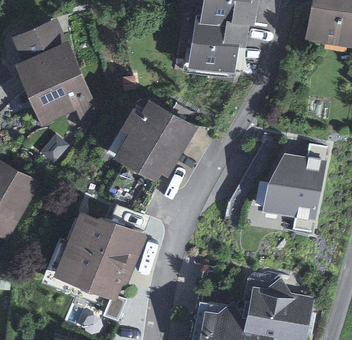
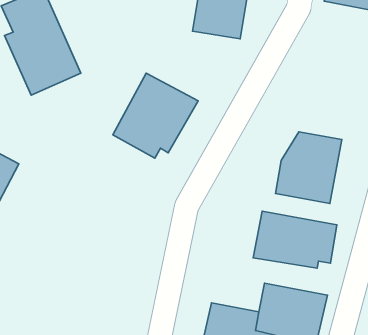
building: [60,217,139,296] -> none
building: none -> [253,211,337,268]

